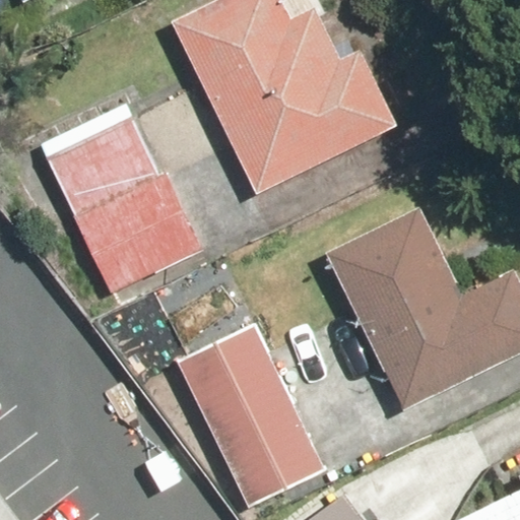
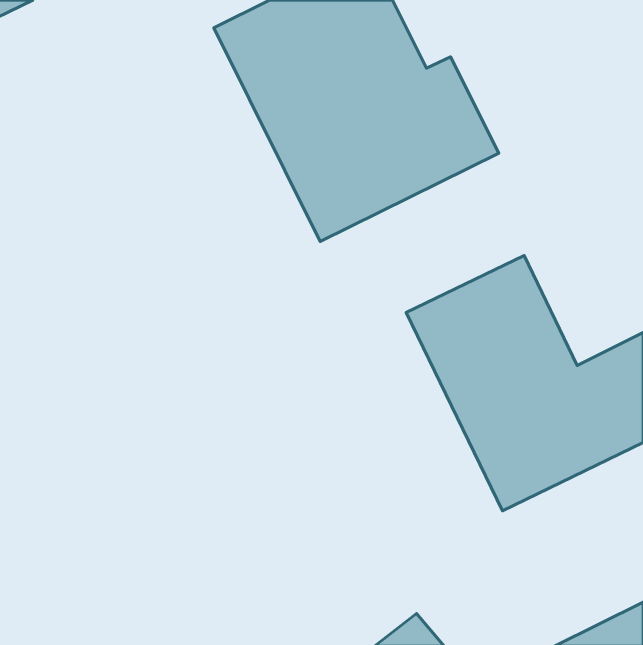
building: [41,105,200,296] -> none
building: [179,324,321,504] -> none

